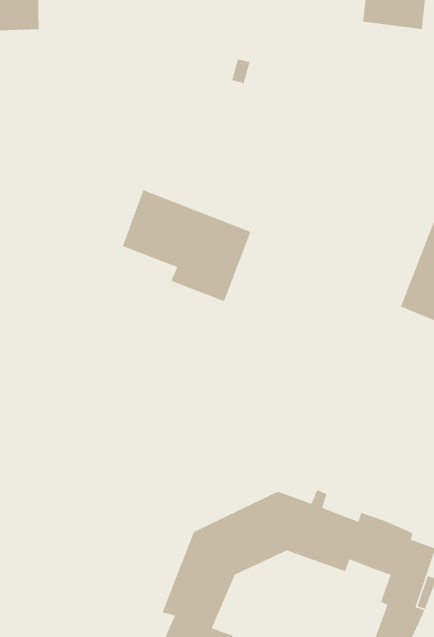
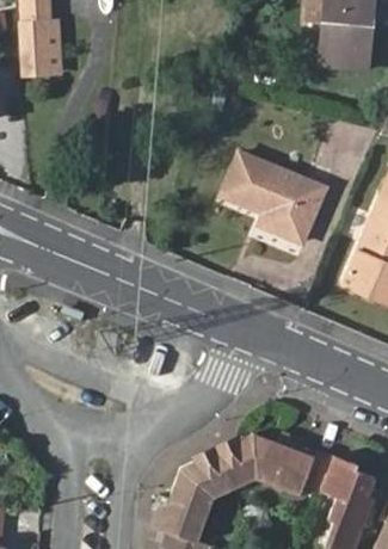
building: [122,189,251,302] -> [224,153,327,242]

